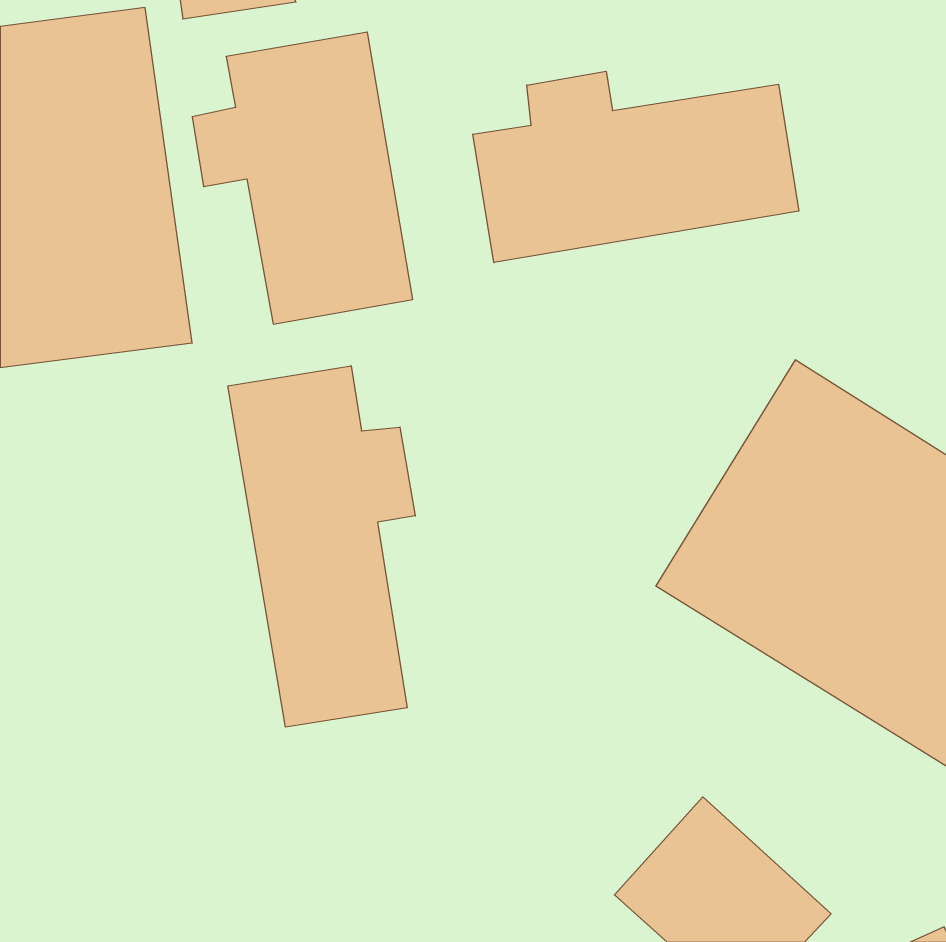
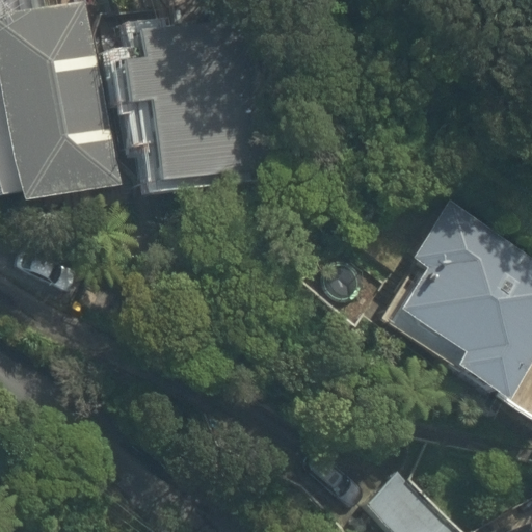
building: [473,71,799,263] -> none
building: [228,366,415,727] -> none

